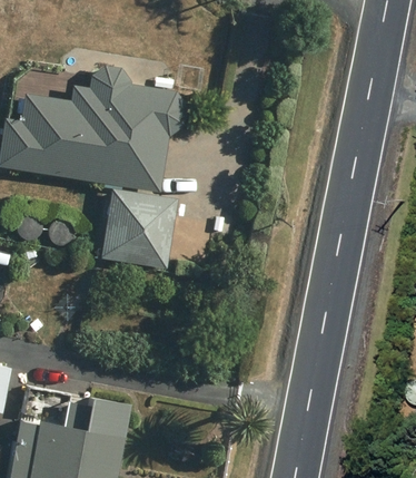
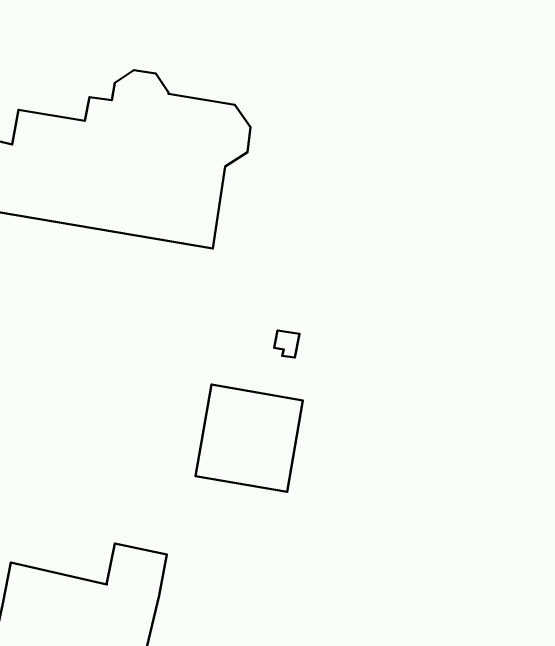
building: [109,189,185,265] -> [196,385,303,492]

